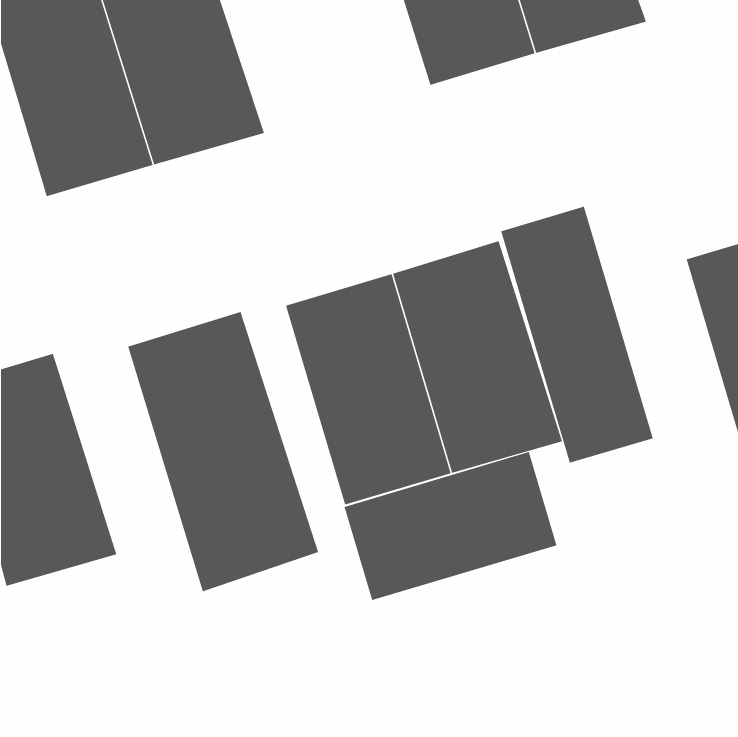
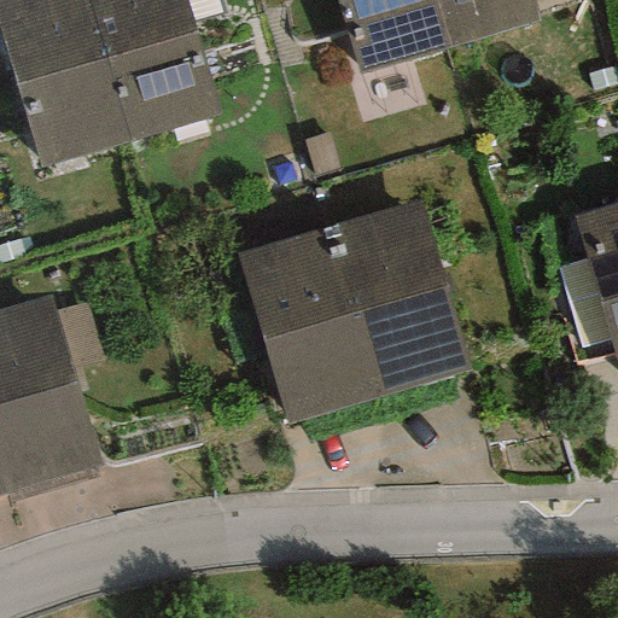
building: [500,206,653,464] -> none
building: [128,311,319,592] -> none
building: [344,451,557,601] -> none

